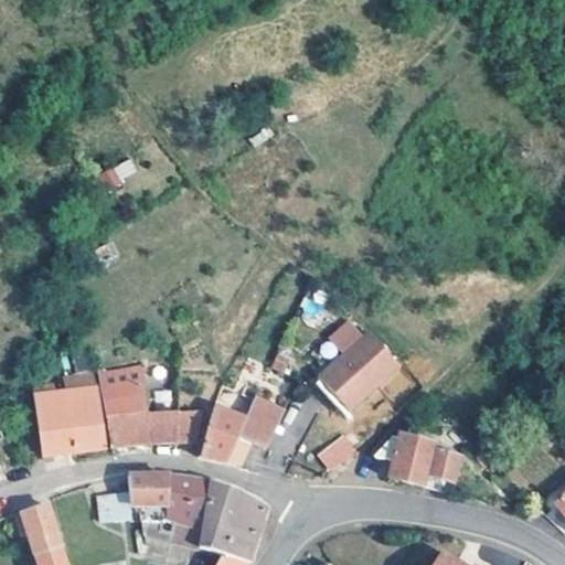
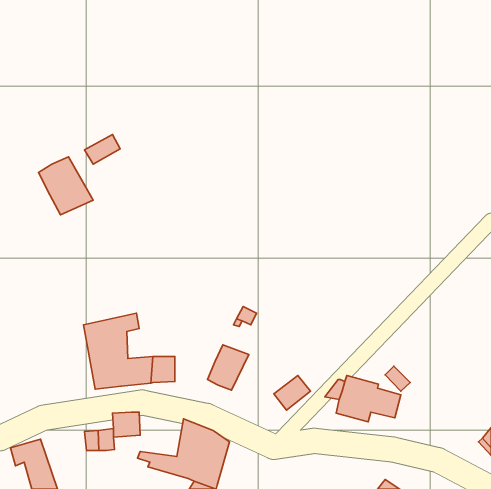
building: none -> [39,157,93,215]
building: [318,332,401,414] -> none
building: [34,386,105,456] -> none
building: [202,405,250,465] -> none
building: [160,473,211,524] -> none

